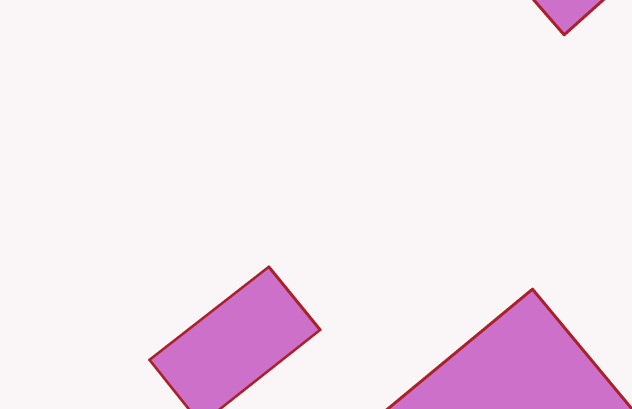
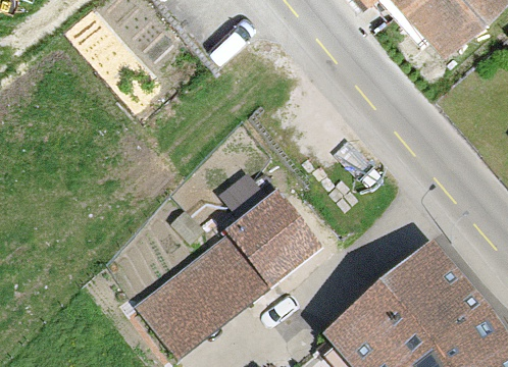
building: none -> [241,208,329,295]

